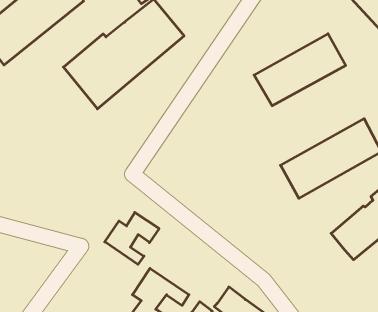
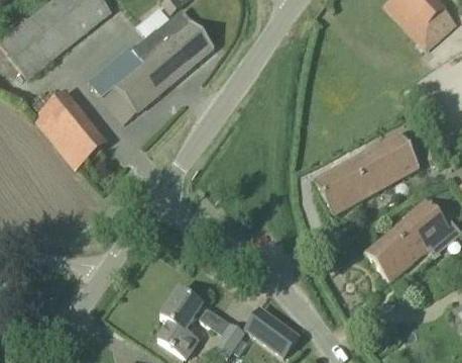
building: [254,34,346,106] -> none
building: none -> [32,87,110,169]
building: [105,212,159,264] -> none

